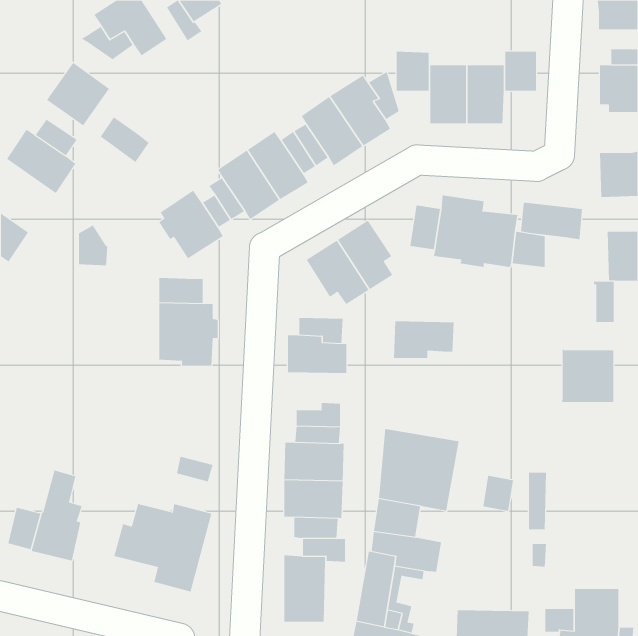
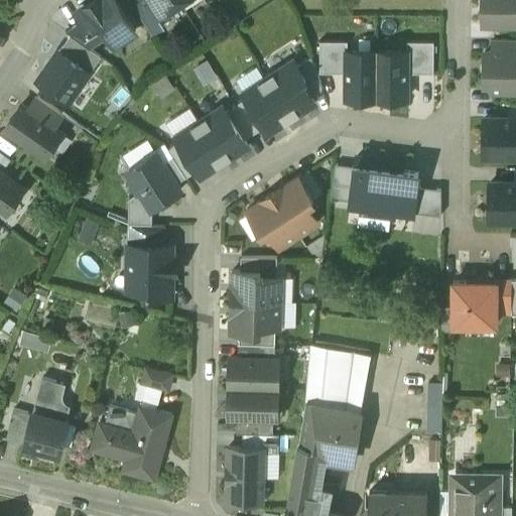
building: [100,117,150,163] -> [59,36,100,74]
building: [520,202,583,240] -> none
building: [78,224,108,266] -> [128,194,152,227]
building: [593,281,614,322] -> [494,281,511,314]
building: [393,321,454,358] -> [231,302,280,333]
building: [483,475,514,512] -> [336,410,361,439]

